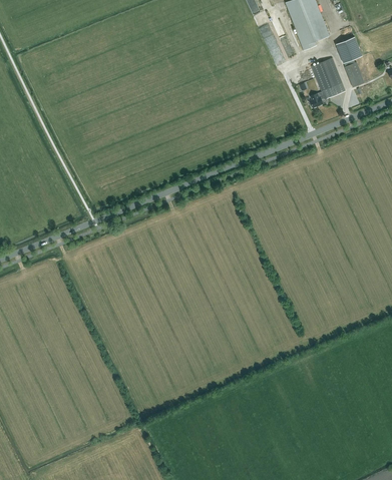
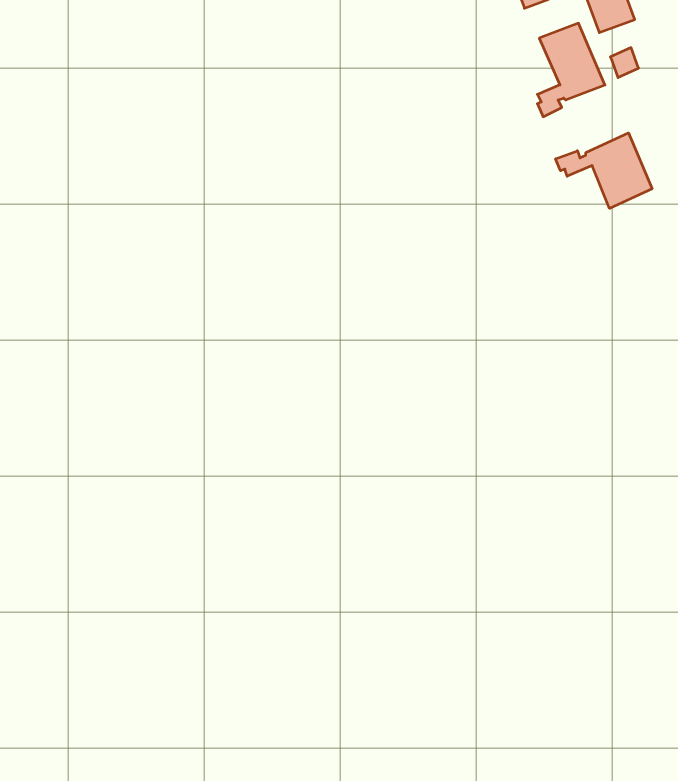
building: none -> [556,133,652,208]

